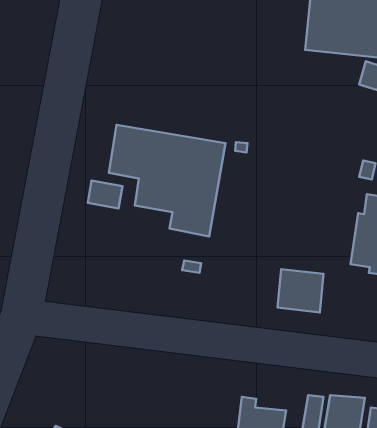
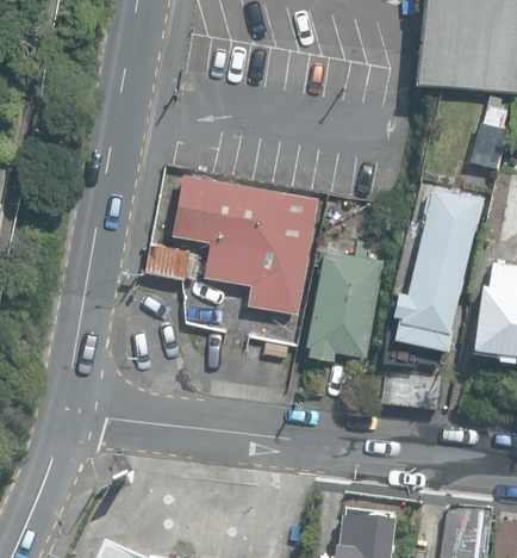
building: none -> [391,186,484,351]
building: none -> [307,241,386,360]

